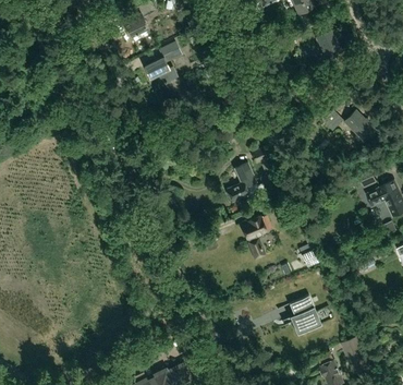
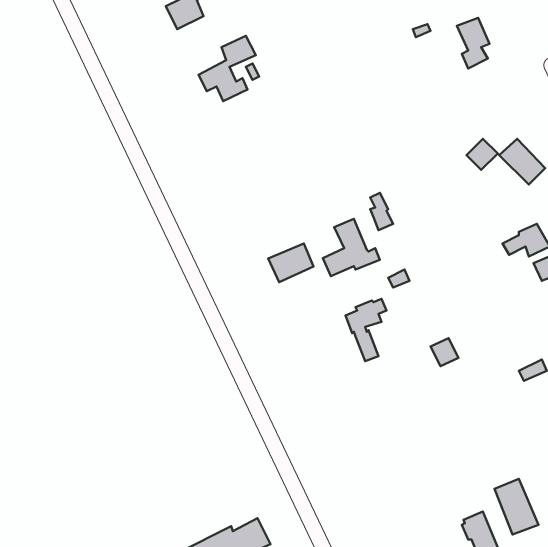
building: none -> [268,244,314,282]
building: [289,296,321,335] -> none

